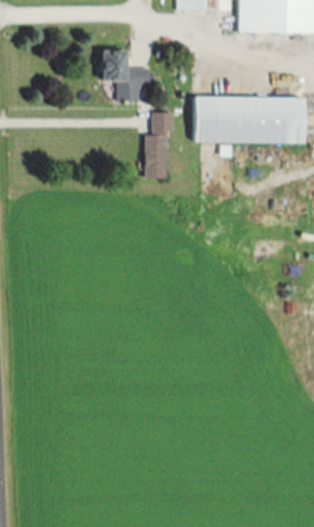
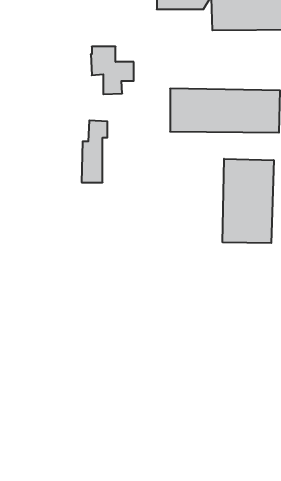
building: [144,112,172,179] -> [82,120,107,182]
building: none -> [223,159,274,243]

